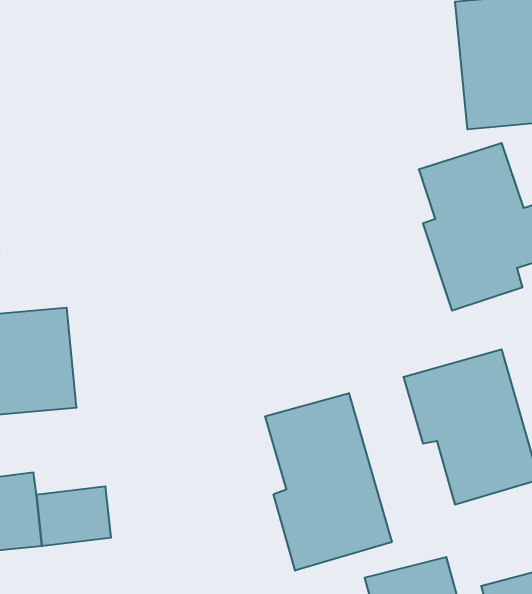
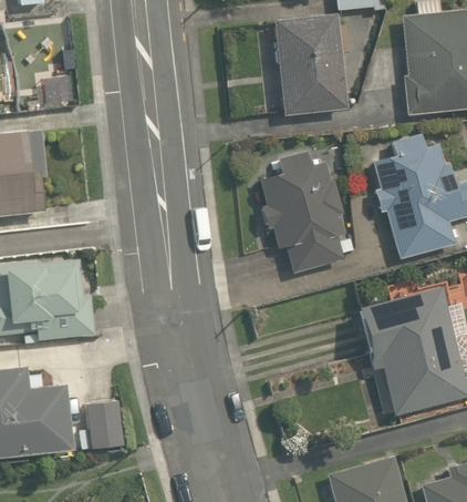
building: none -> [276,16,346,114]
building: none -> [260,152,343,275]
building: [265,393,392,571] -> none

